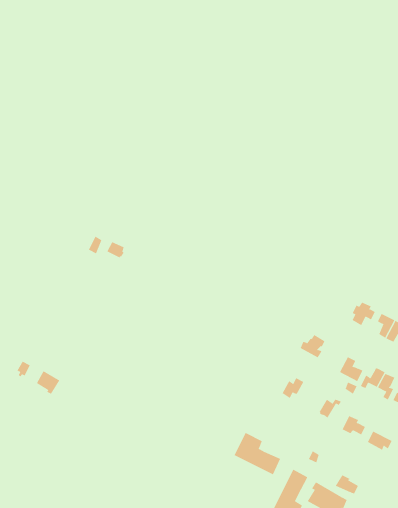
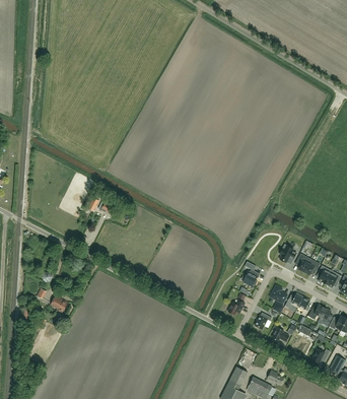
building: [234,432,281,475] -> none

